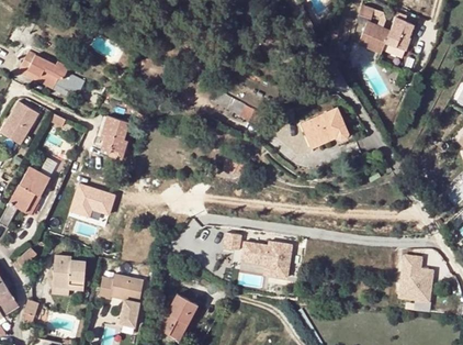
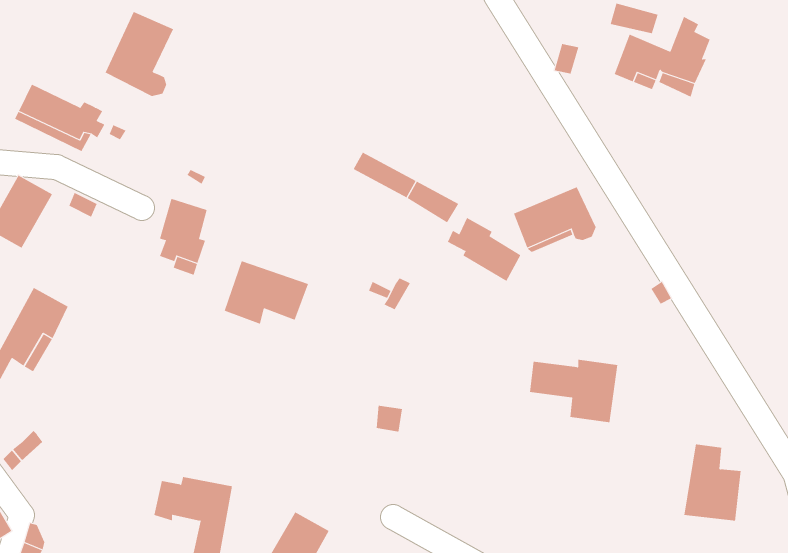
building: none -> [105,11,174,97]
building: none -> [447,217,521,282]
building: [67,181,115,218] -> [224,261,309,324]
building: [239,241,290,277] -> [529,359,618,423]
building: [52,257,84,289] -> none

